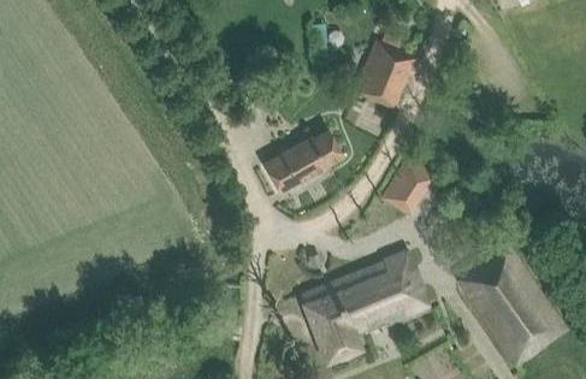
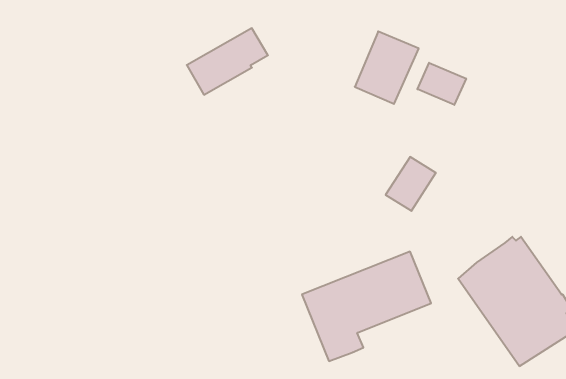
building: none -> [417,63,466,105]
building: [264,128,343,193] -> [187,28,268,95]

